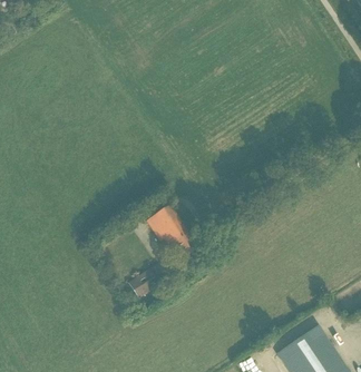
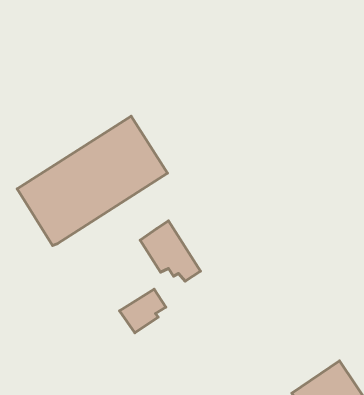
building: none -> [17,116,168,245]

